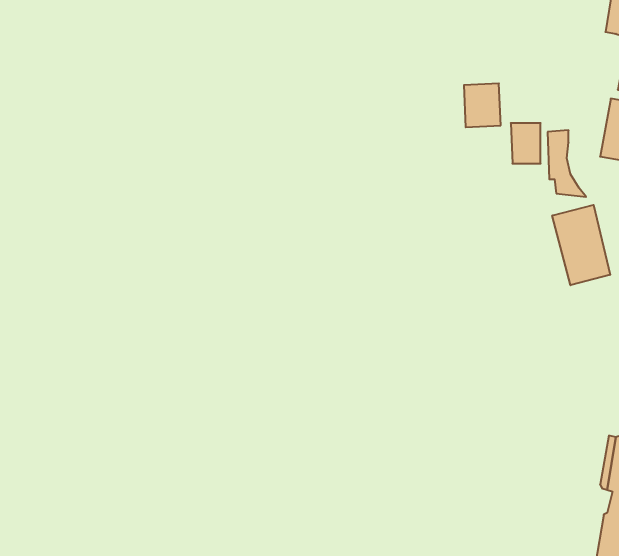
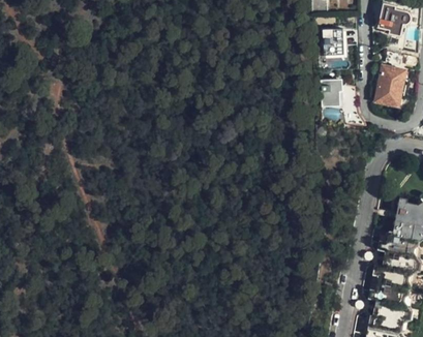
building: [464,83,501,127] -> [322,29,343,55]
building: [552,205,610,285] -> none

